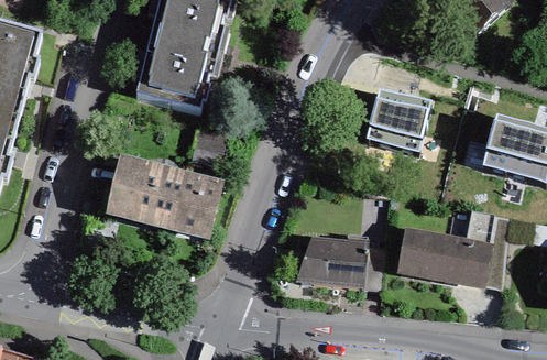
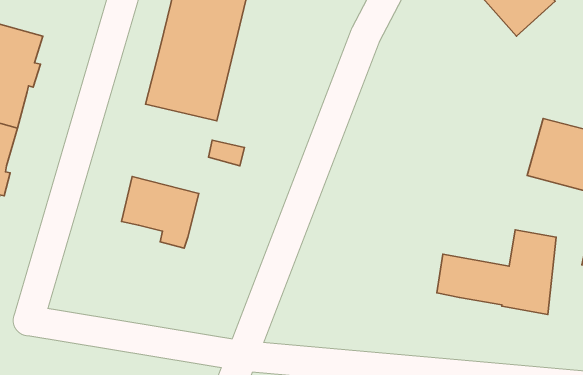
building: [365,85,429,146] -> none
building: [173,178,217,227] -> none
building: [297,240,384,291] -> none

